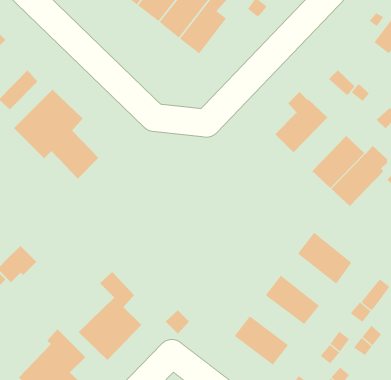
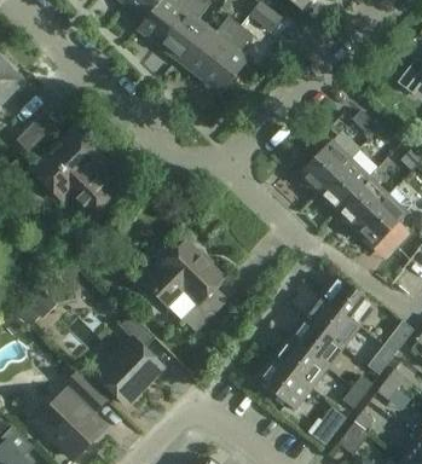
building: none -> [316,158,369,213]
building: none -> [146,240,229,332]
building: none -> [302,296,359,349]
building: none -> [271,338,326,389]

